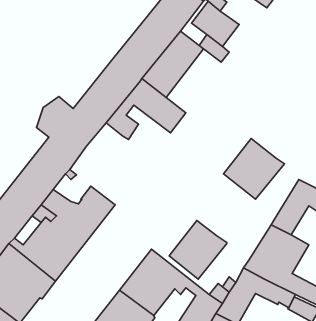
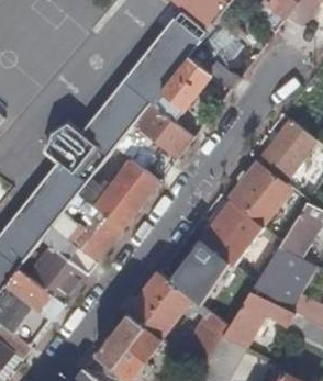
building: none -> [257,121,315,182]
building: none -> [94,160,158,228]
building: none -> [200,203,263,266]

